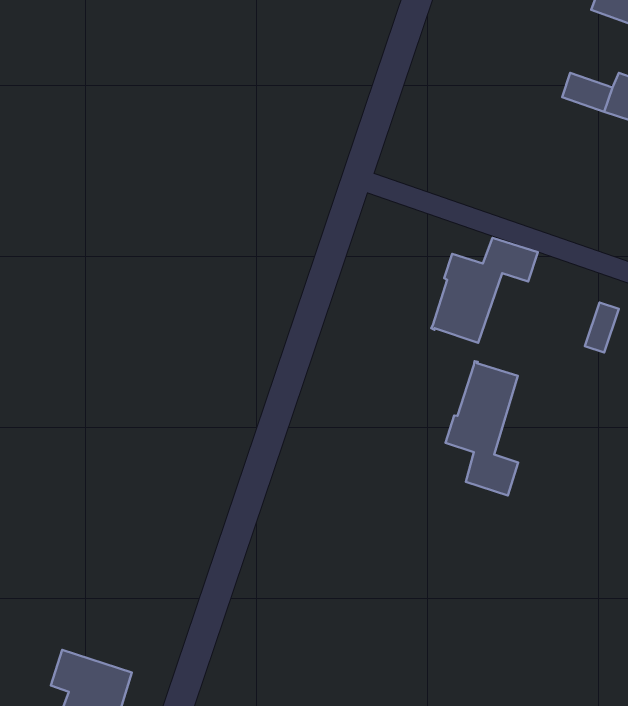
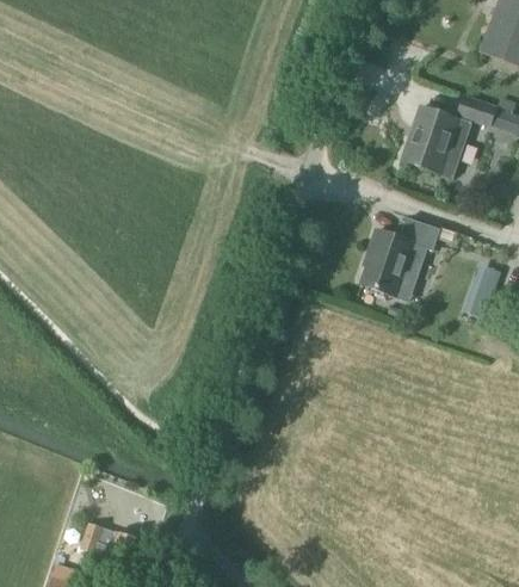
building: none -> [401,107,470,178]
building: [446,361,518,495] -> none

